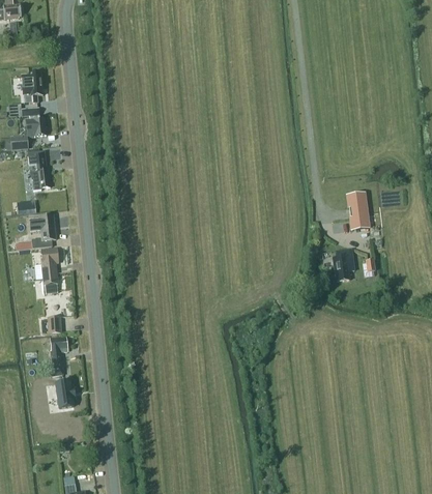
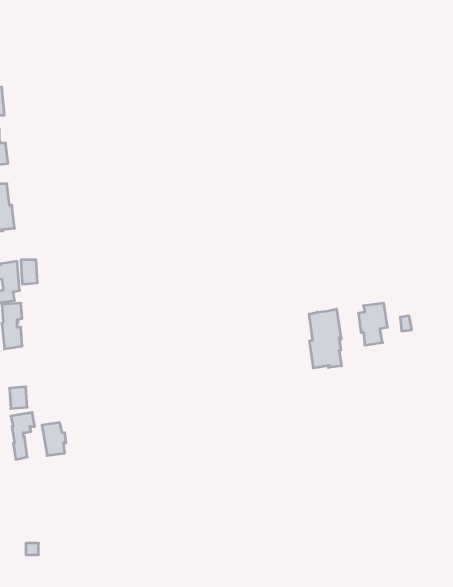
building: [347,192,368,229] -> none
building: none -> [309,309,341,368]
building: [55,380,75,407] -> [42,423,66,456]

